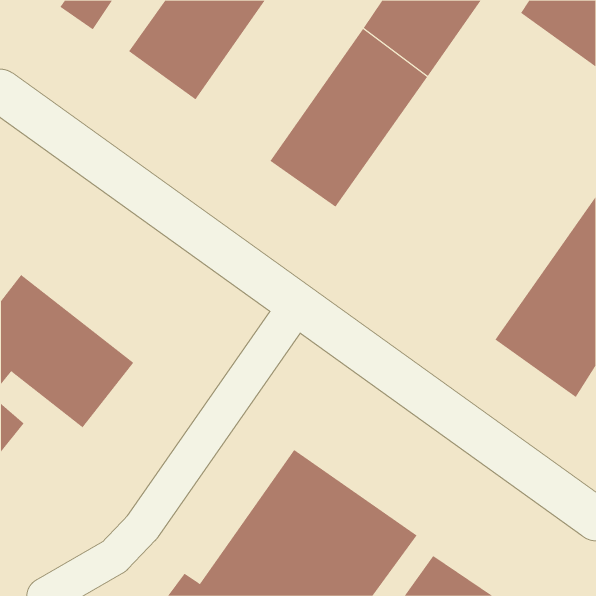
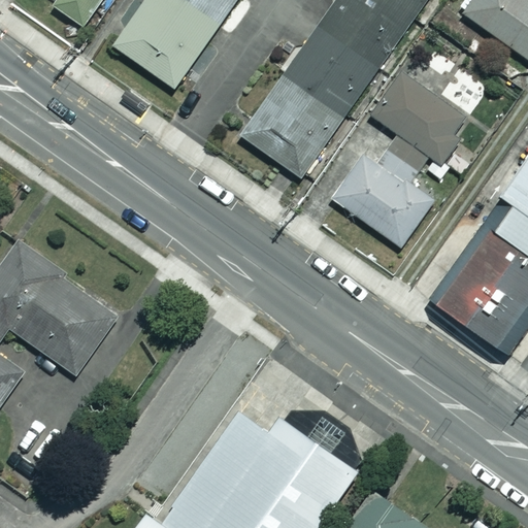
building: none -> [372,75,470,165]
building: none -> [331,154,432,246]

